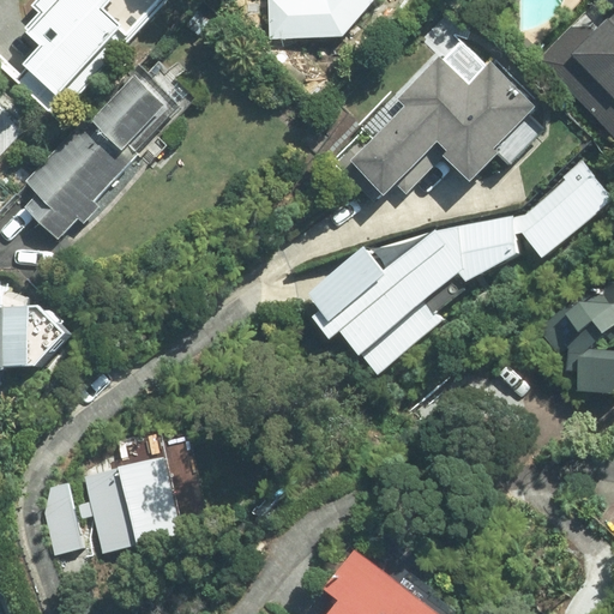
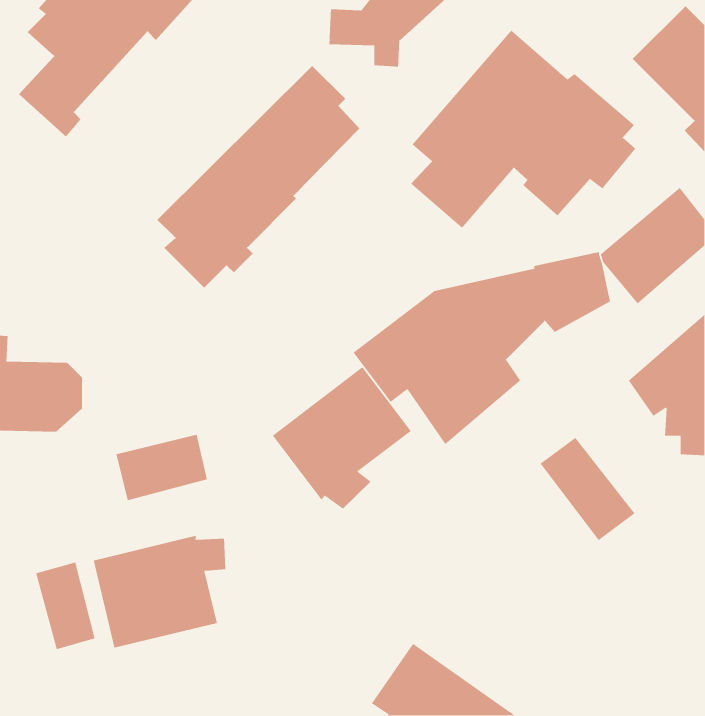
building: [17,46,191,236] -> [156,65,360,289]
building: none -> [272,366,412,509]
building: none -> [116,434,208,501]
building: none -> [539,437,635,541]

